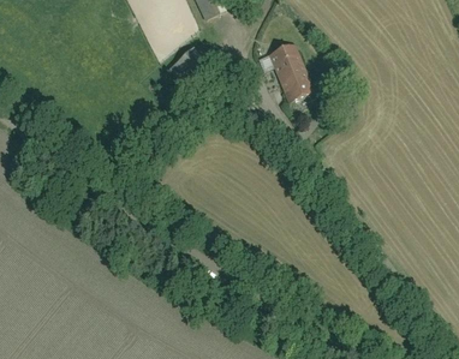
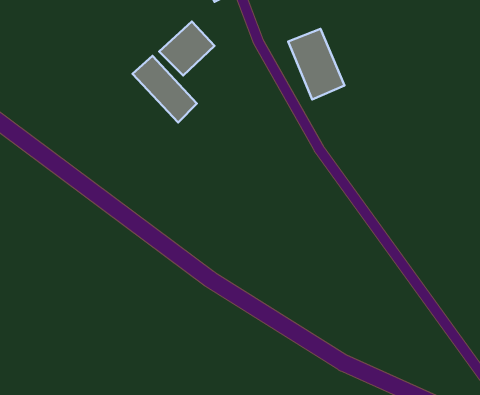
building: none -> [132,56,197,122]

